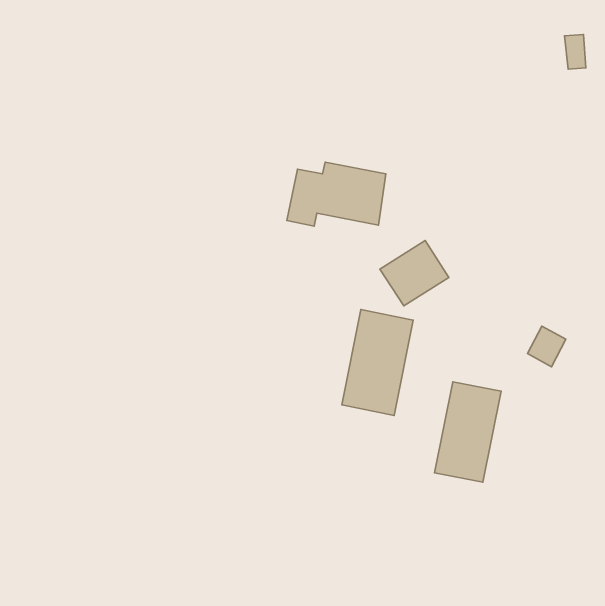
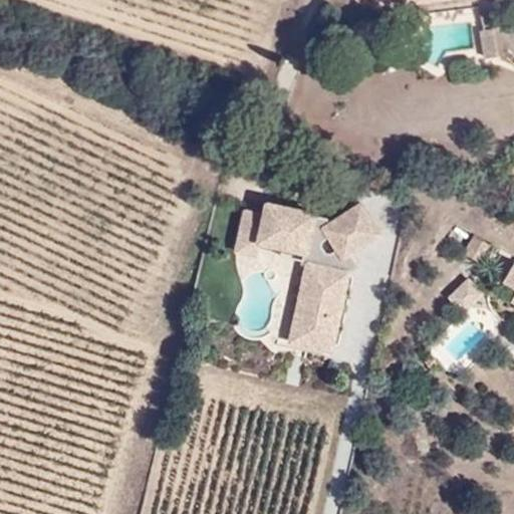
building: [287,162,386,226] -> [232,203,315,257]
building: [435,382,501,482] -> none

